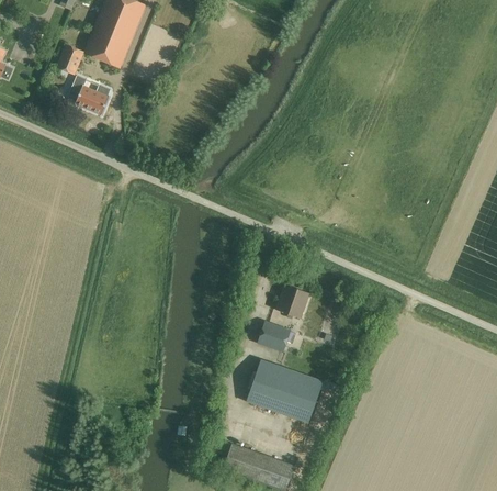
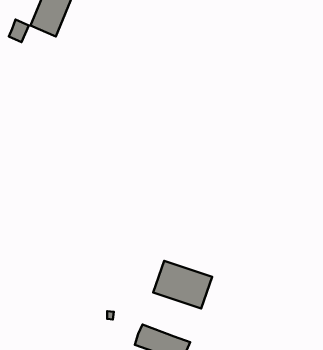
building: [69,76,110,114] -> none
building: [275,283,309,319] -> none
building: [257,322,290,350] -> none

